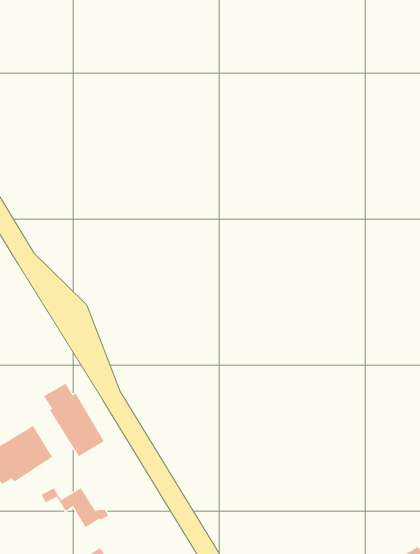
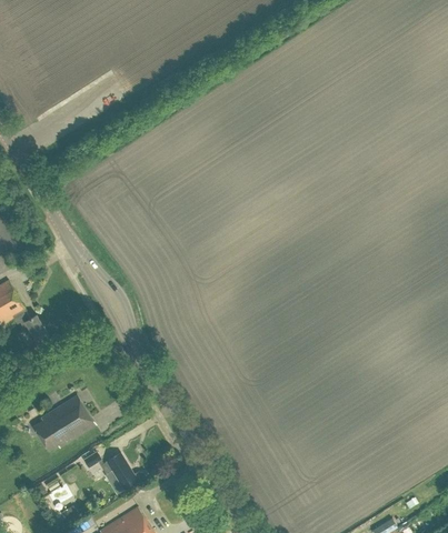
building: [43,383,104,457] -> none

